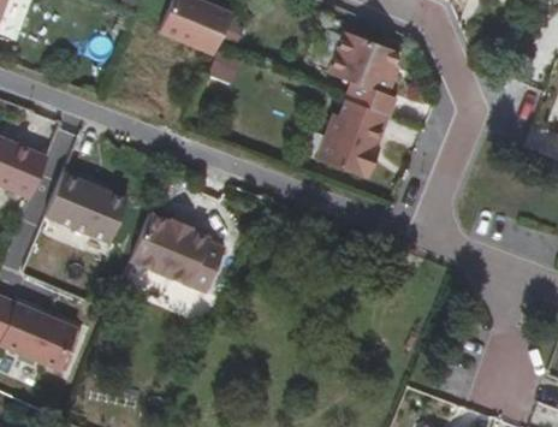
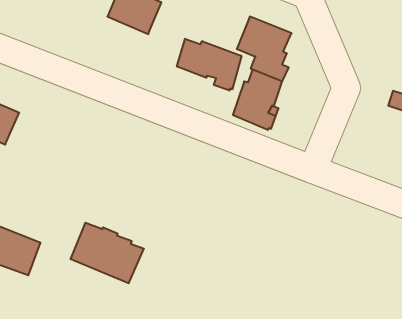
building: none -> [177,39,241,91]
building: [44,168,124,243] -> none
building: [125,213,220,291] -> [70,223,144,283]

